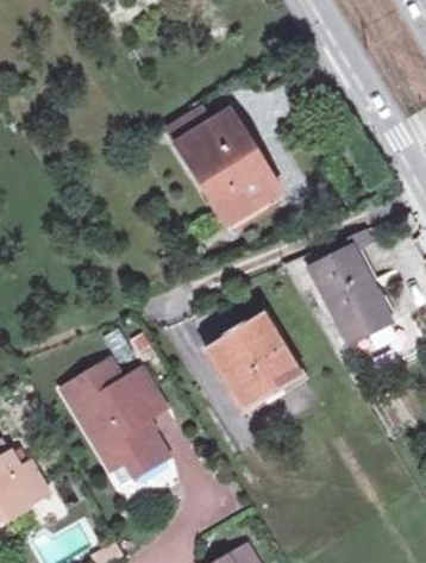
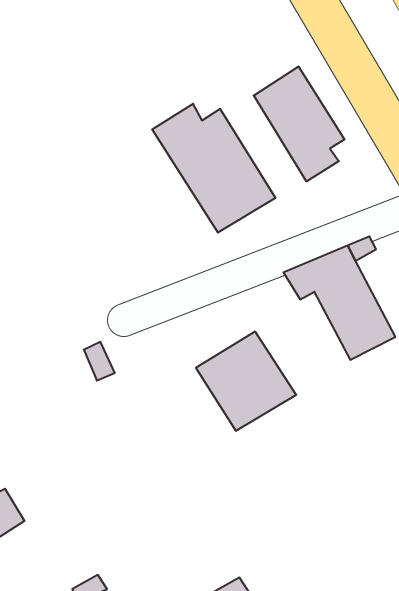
building: none -> [254,66,344,181]
building: [64,361,170,476] -> none

